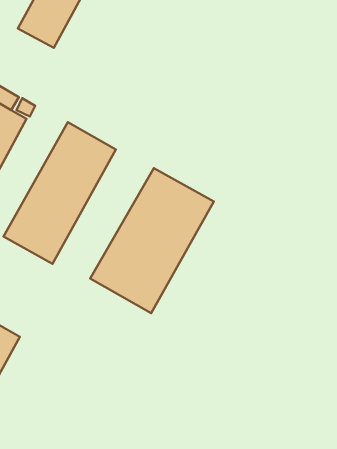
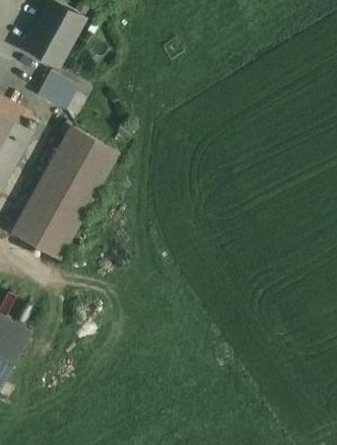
building: none -> [37,68,78,107]
building: [90,168,214,313] -> none

